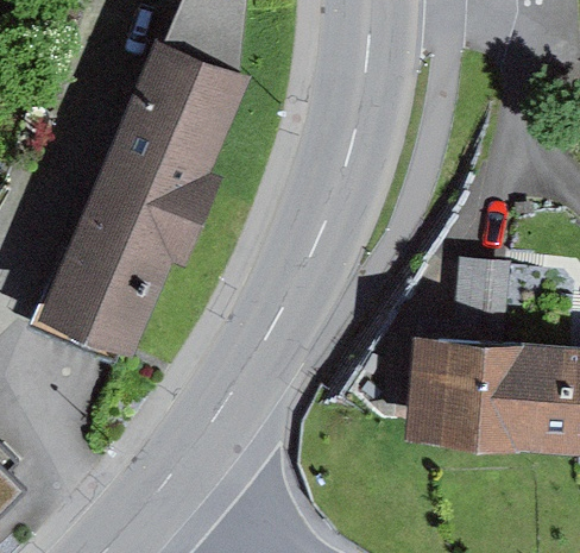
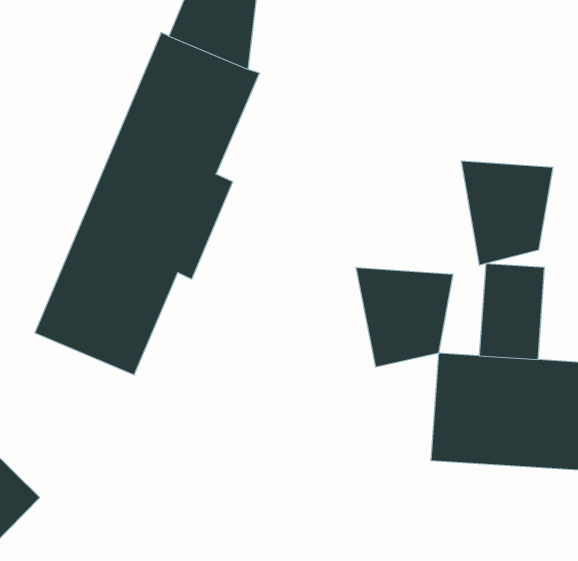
building: none -> [462,161,553,265]
building: none -> [356,267,453,367]

